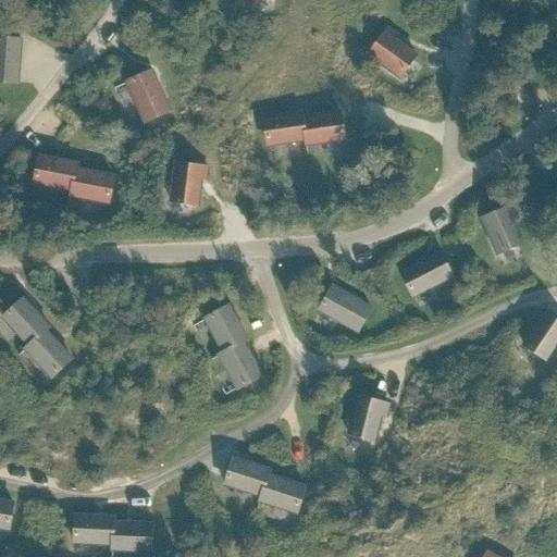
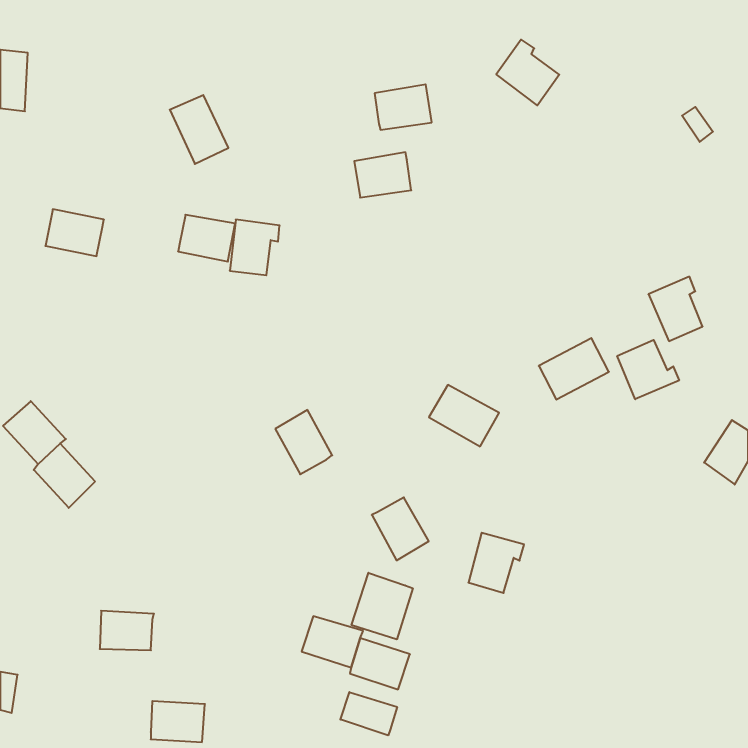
building: [302,112,345,146] -> [375,84,432,130]
building: [71,169,113,203] -> [178,215,235,262]
building: none -> [617,340,679,399]
building: [219,342,261,388] -> [372,497,429,560]
building: none -> [351,573,413,639]
building: none -> [340,692,397,735]
building: [74,515,114,544] -> [100,611,154,650]

